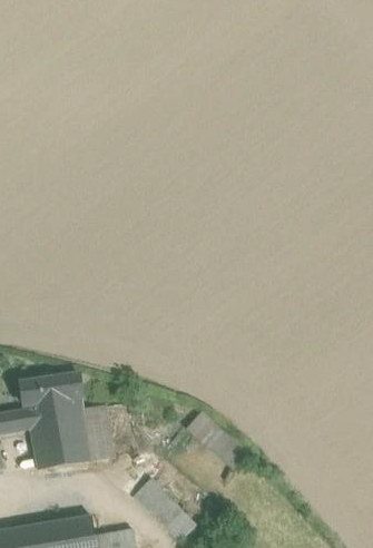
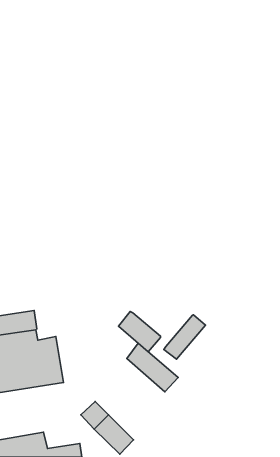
building: none -> [118,311,161,352]
building: none -> [164,315,206,359]

